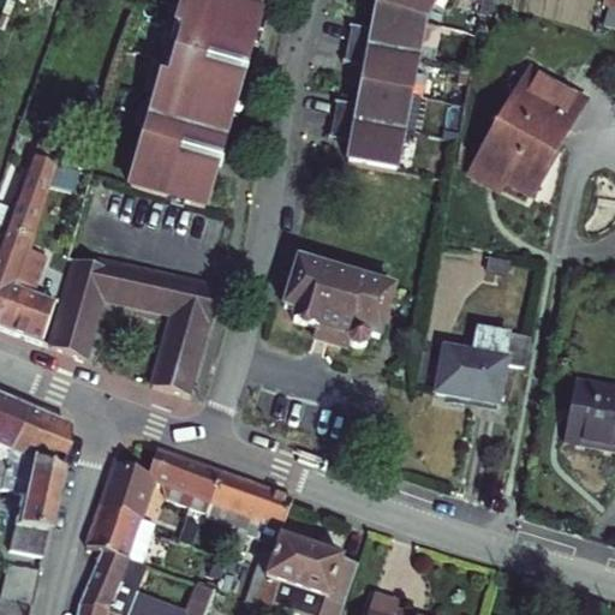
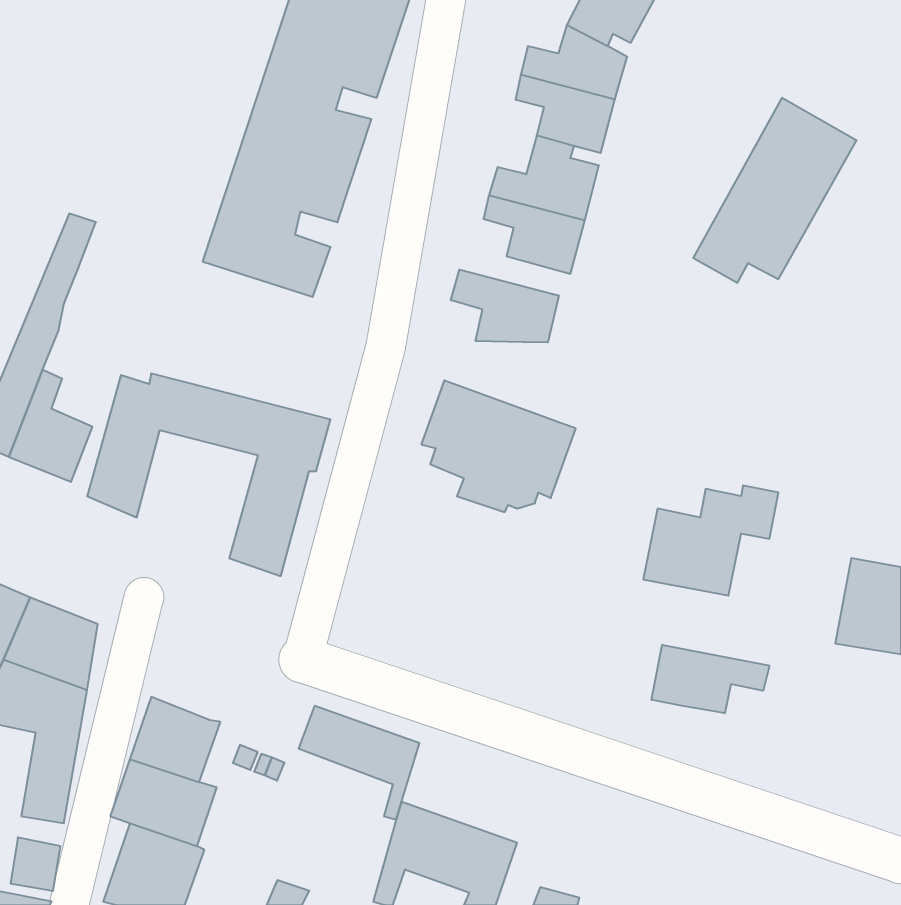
building: none -> [451,270,559,342]
building: none -> [652,645,769,713]
building: [142,454,213,506] -> none

